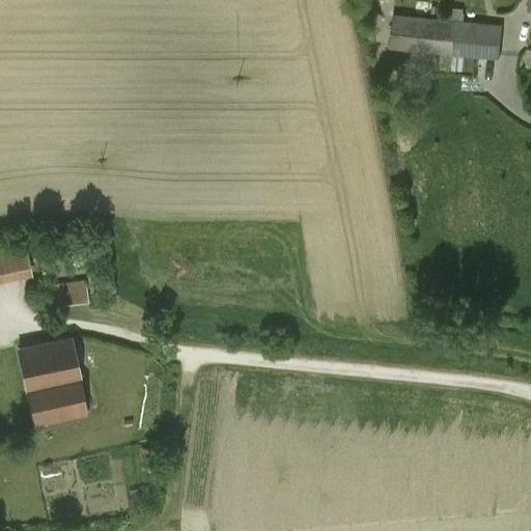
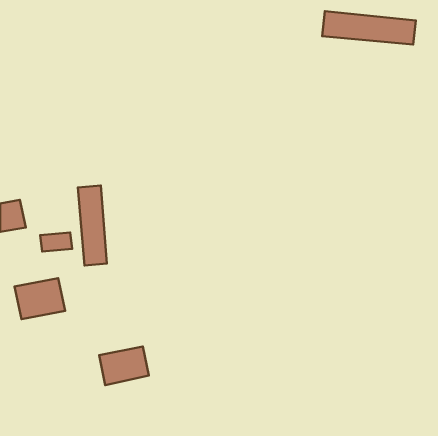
building: none -> [78,185,107,266]
building: [26,379,86,425] -> [99,346,149,385]

